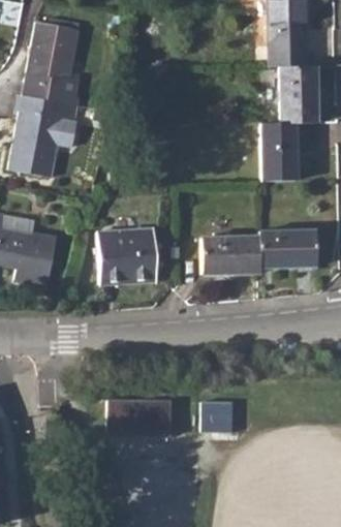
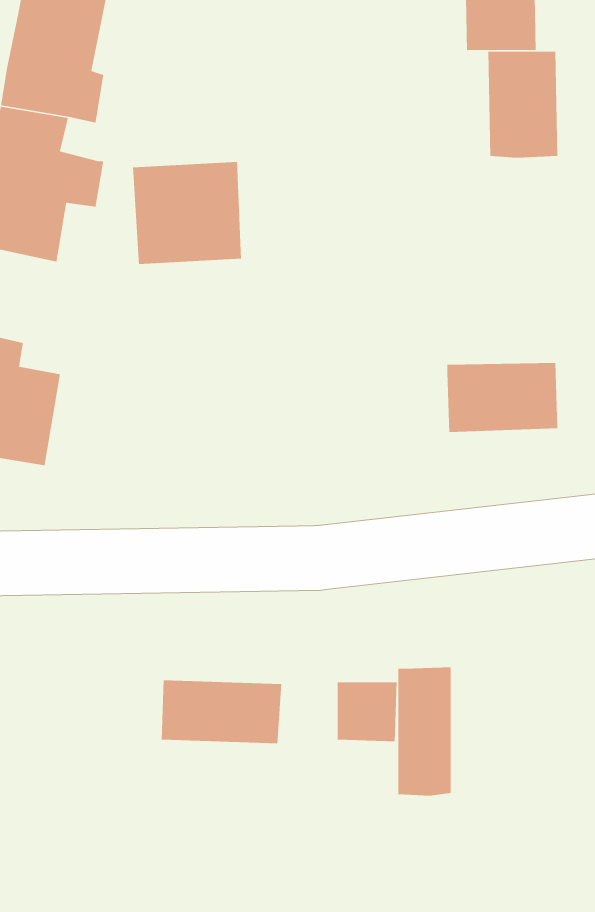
building: [261,122,297,181] -> none
building: [98,228,156,283] -> [132,161,242,265]
building: [202,236,259,274] -> none
building: none -> [398,667,452,796]

